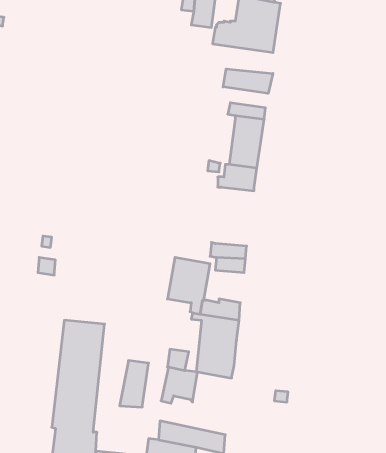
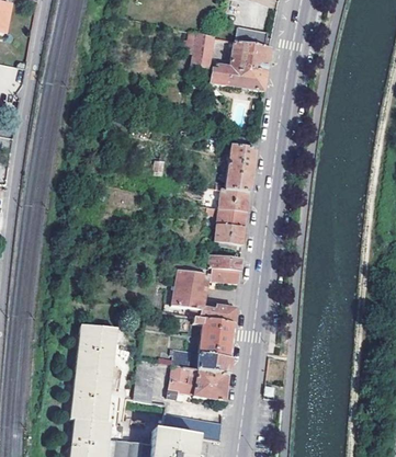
building: [223,69,273,93] -> none
building: none -> [215,208,248,245]
building: none -> [194,369,228,401]

